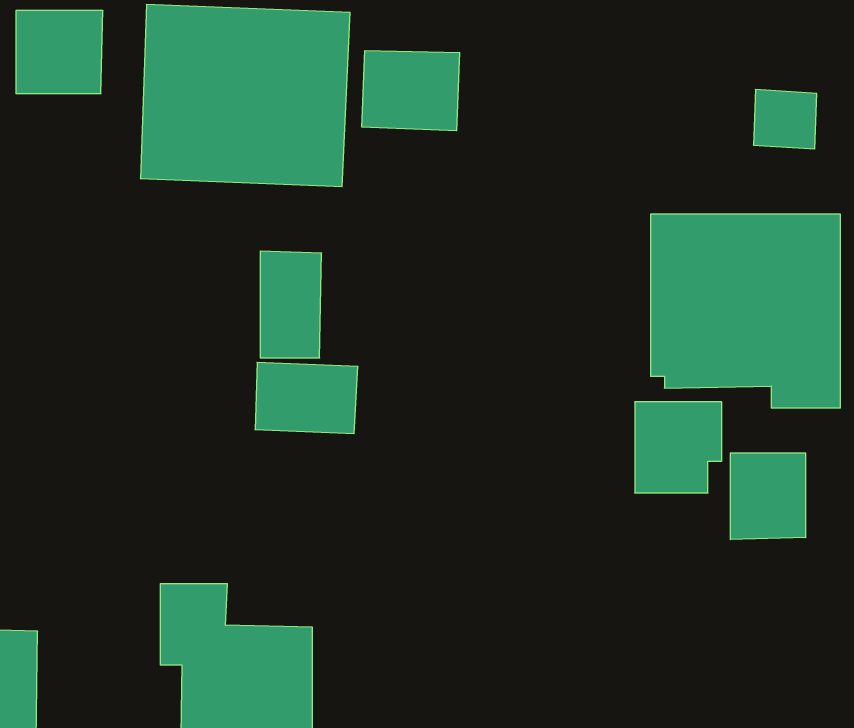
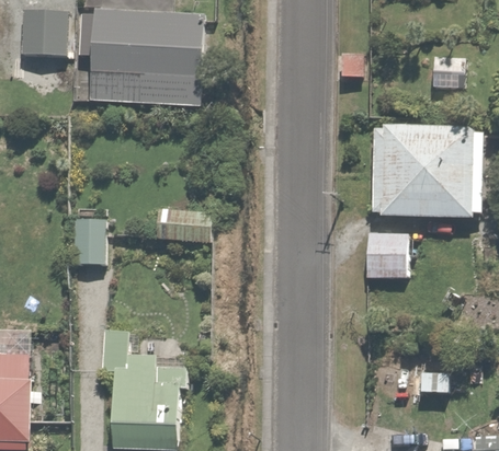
building: [362,51,460,131] -> none
building: [260,251,322,358] -> [72,207,106,266]
building: [730,453,806,540] -> none

